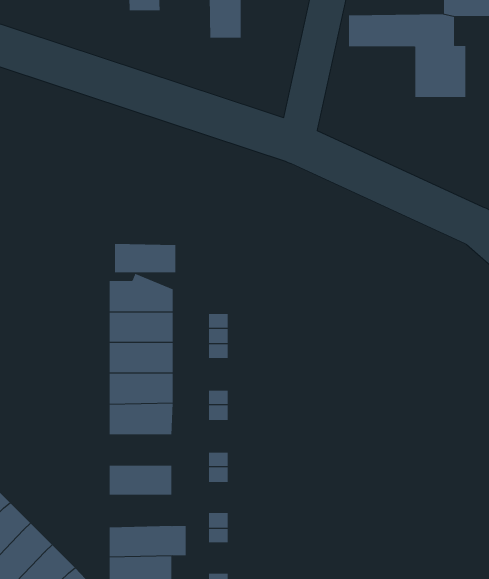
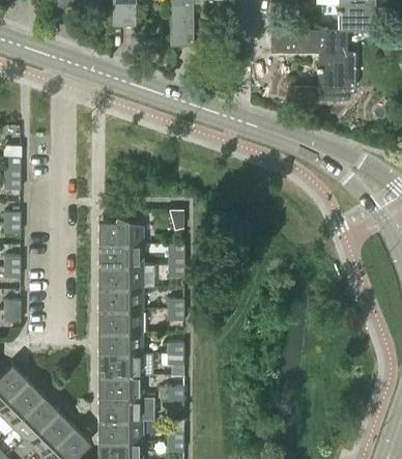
building: [114,243,176,273] -> none
building: none -> [98,331,144,352]
building: none -> [98,374,144,397]

